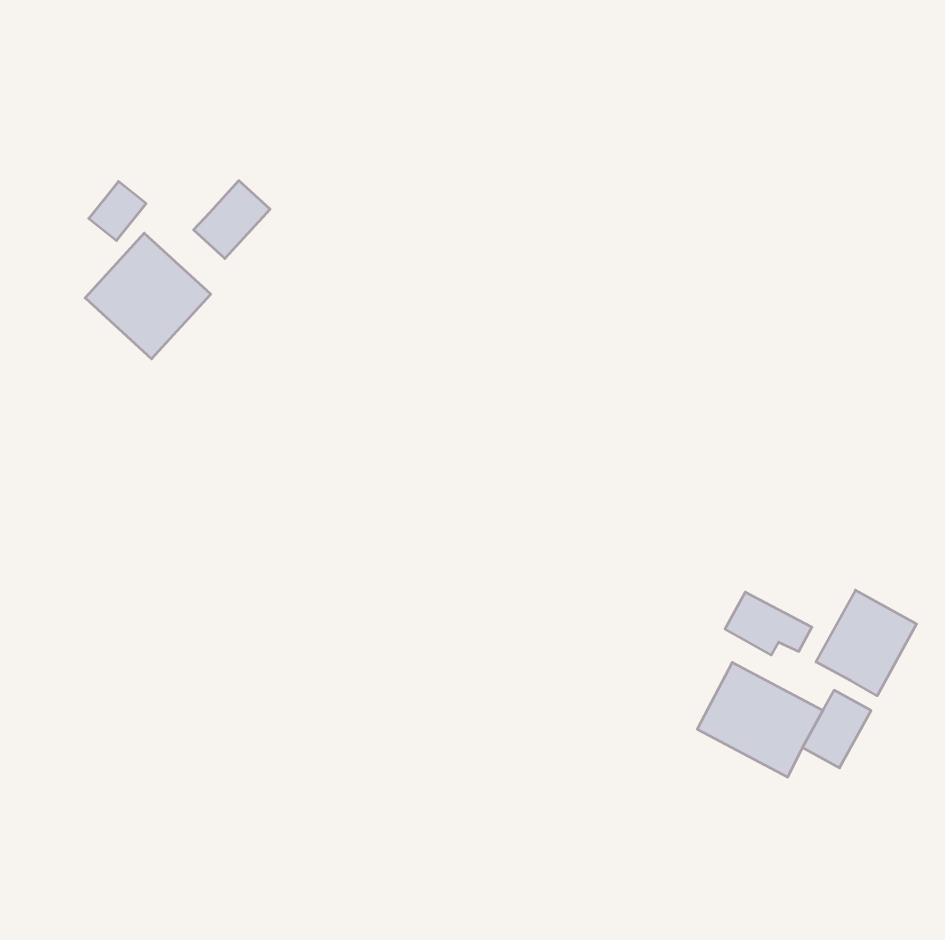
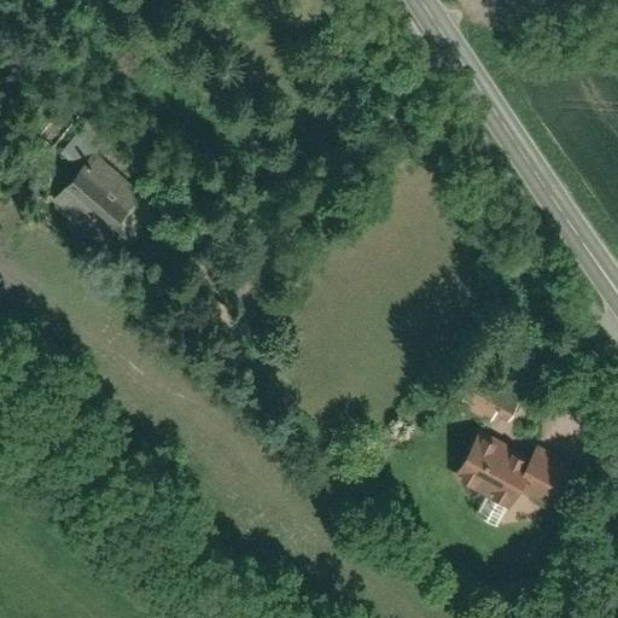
building: [194,181,270,259] -> none
building: [816,590,917,696] -> none

